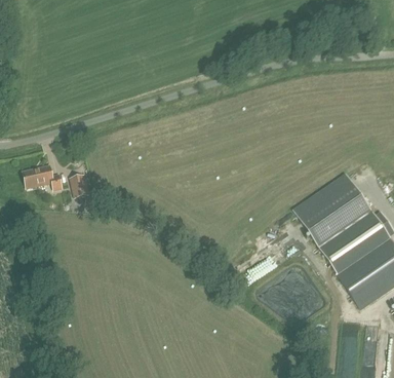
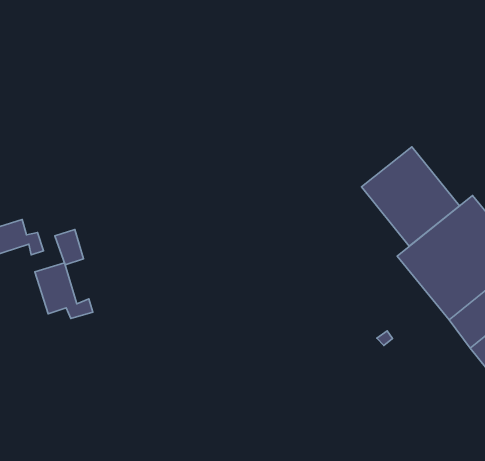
building: none -> [362,147,460,246]
building: none -> [35,263,93,319]

